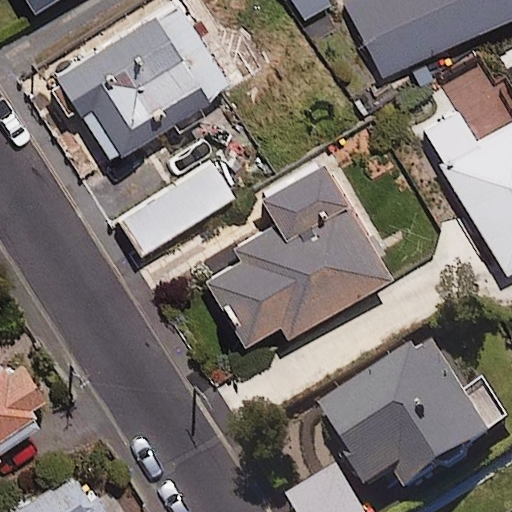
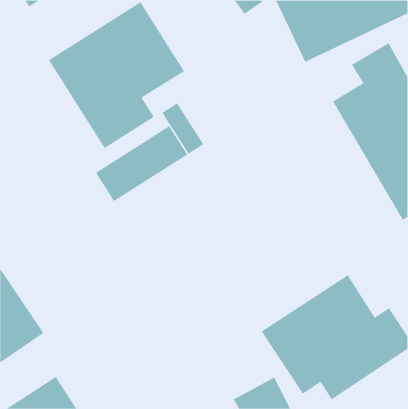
building: [203,160,391,344] -> none

